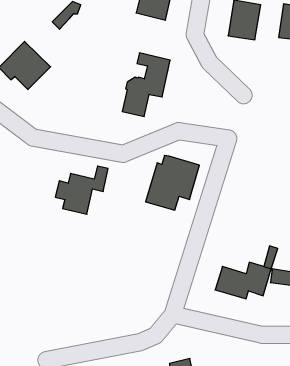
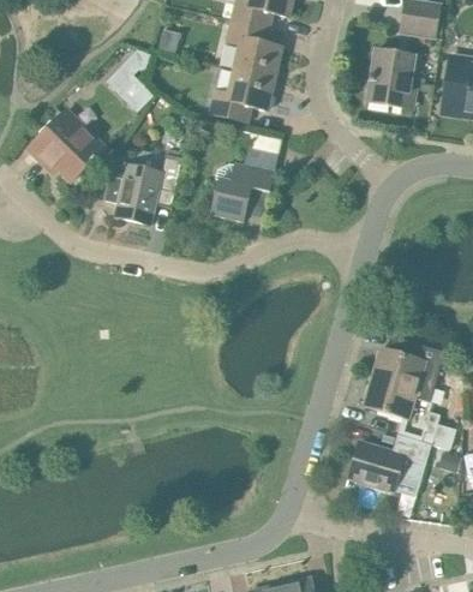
building: none -> [209,68,275,121]
building: [146,156,199,210] -> [365,337,444,418]
building: [55,166,108,214] -> [104,154,182,225]

